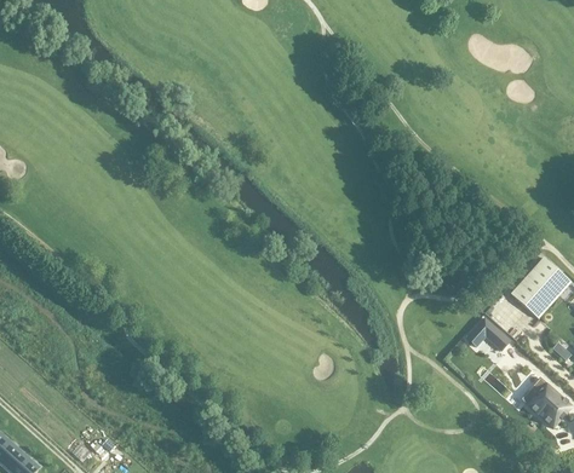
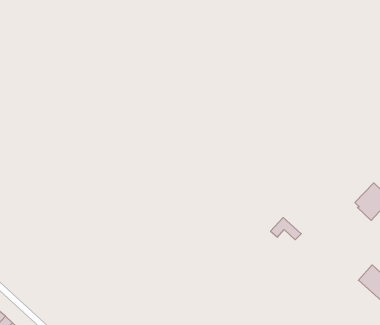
building: [466,319,510,351] -> [271,218,301,240]

